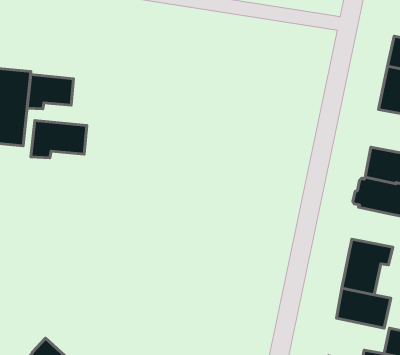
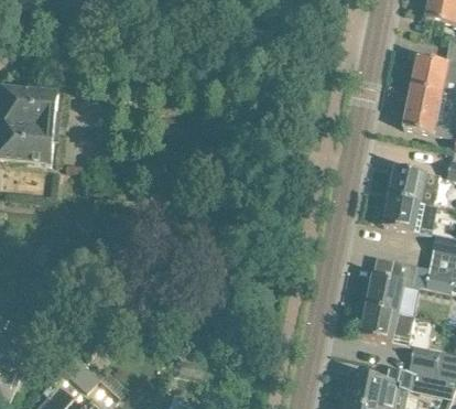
building: [27,75,74,109] -> none
building: [31,121,87,158] -> none

